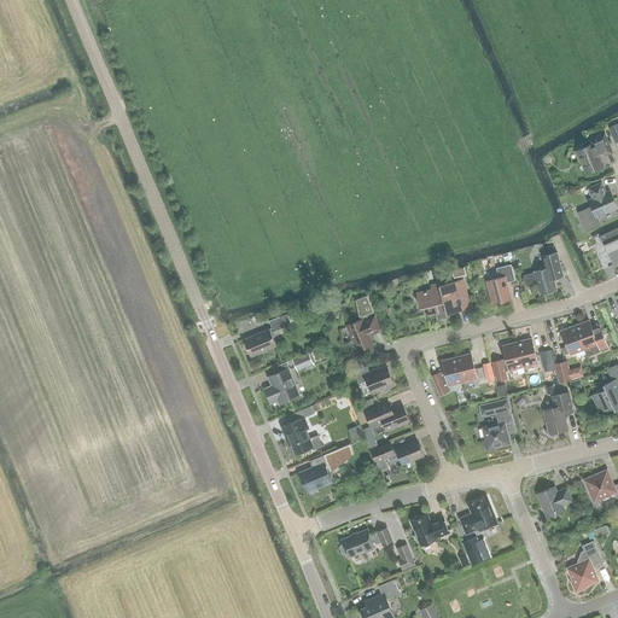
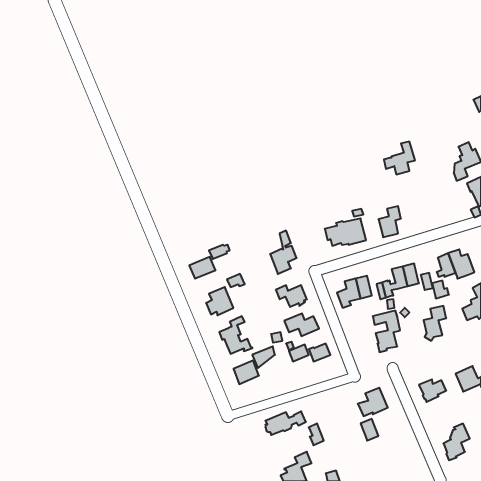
building: [576,134,612,173] -> none
building: [524,252,564,295] -> [384,142,415,174]
building: [410,515,449,546] -> none

